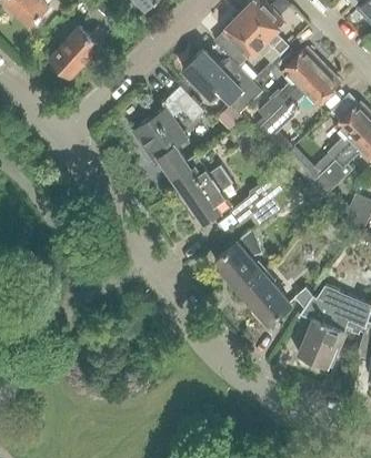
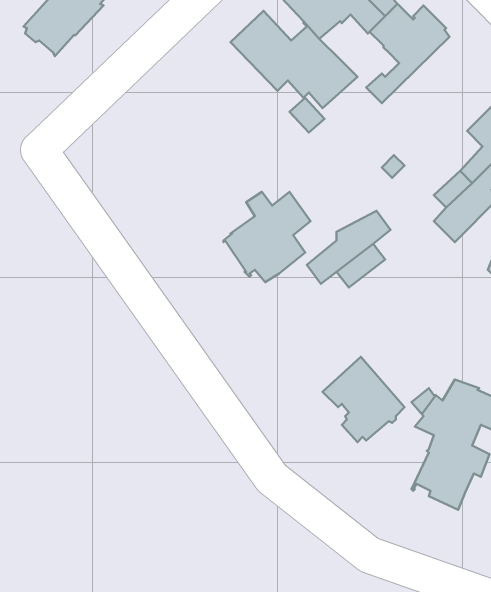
building: [258,67,341,141] -> none
building: [133,88,203,192] -> none
building: [213,228,264,293] -> none

